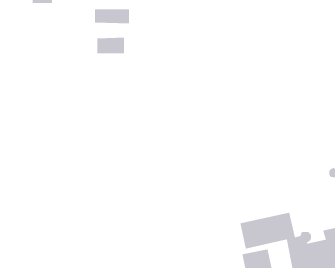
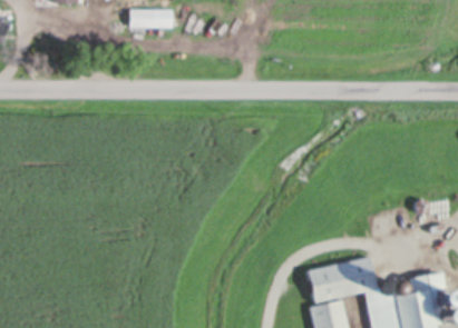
building: [97,37,125,54] -> none

